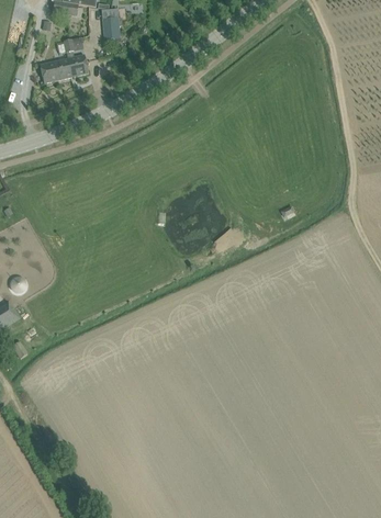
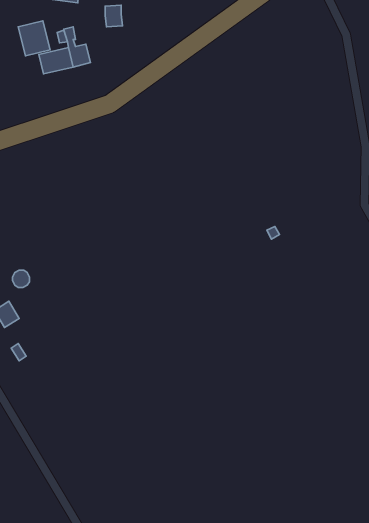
building: none -> [18,21,50,56]

